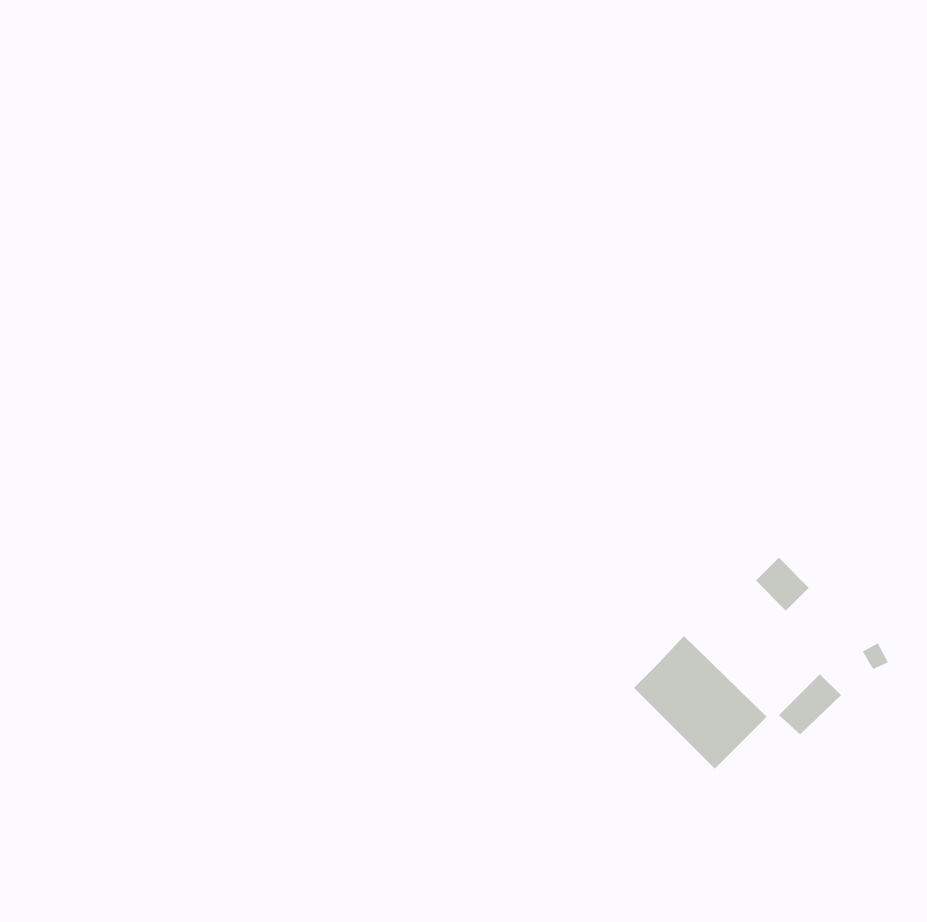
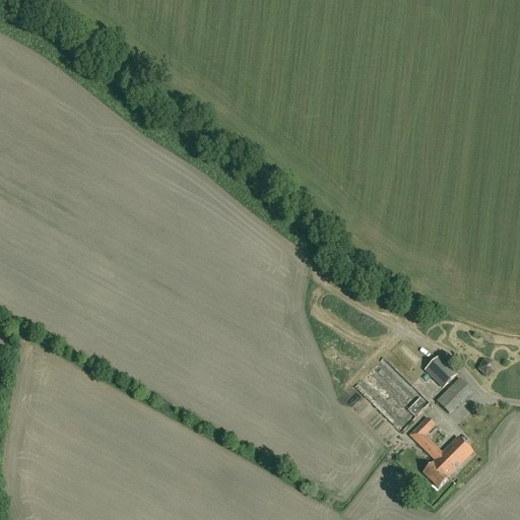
building: [755,557,810,611] -> [425,355,455,386]
building: none -> [409,416,472,486]

